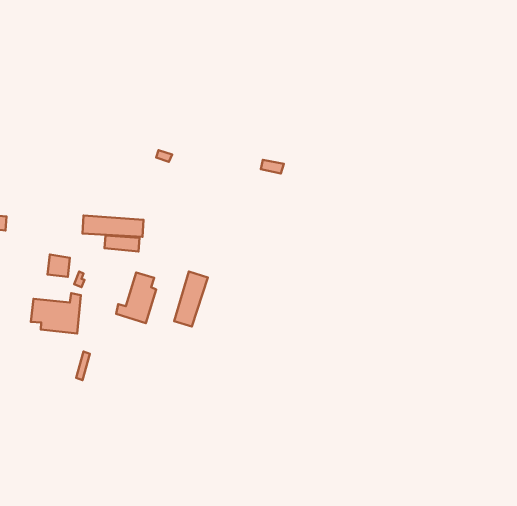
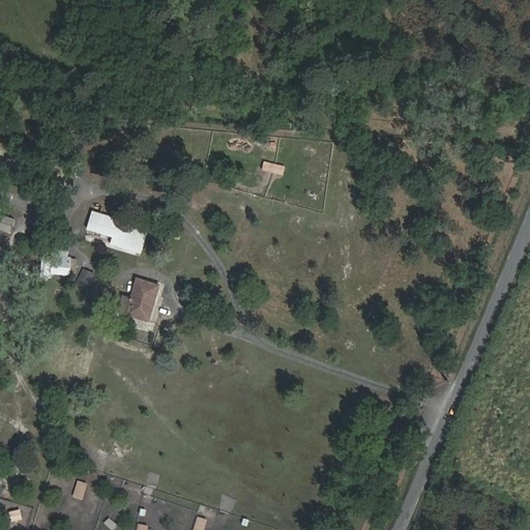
building: [174,272,208,327] -> none
building: [31,293,81,333] -> none

